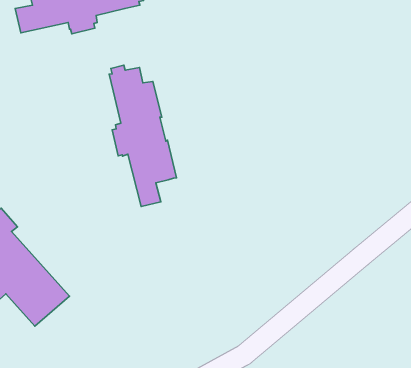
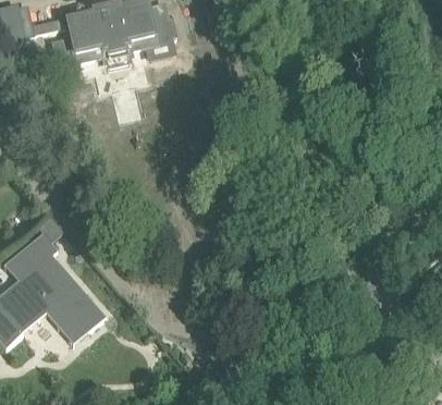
building: [109,65,176,207] -> none

